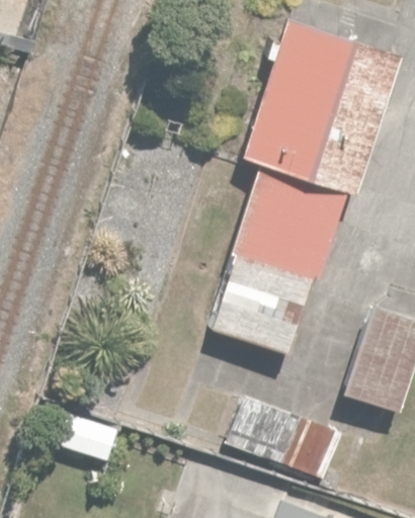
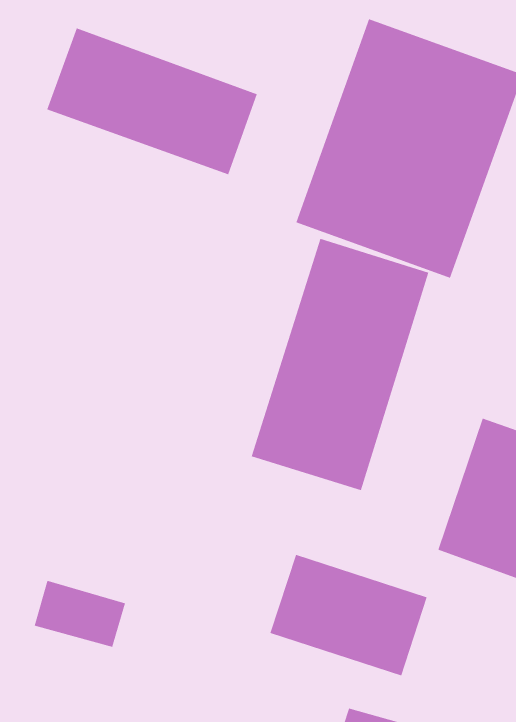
building: none -> [47,28,258,175]

